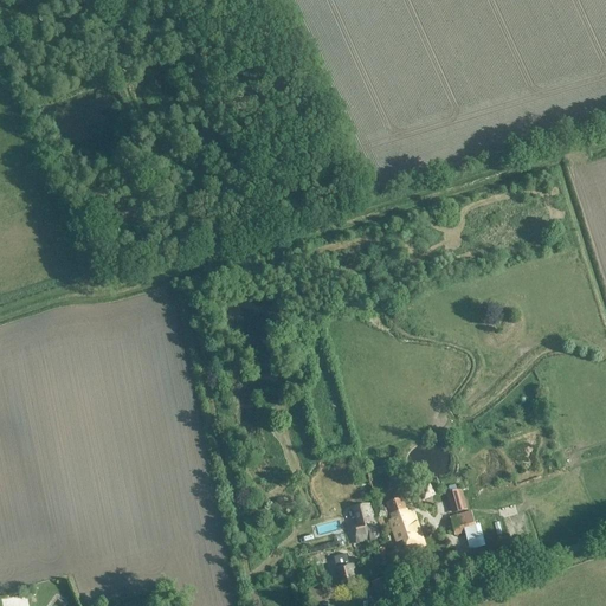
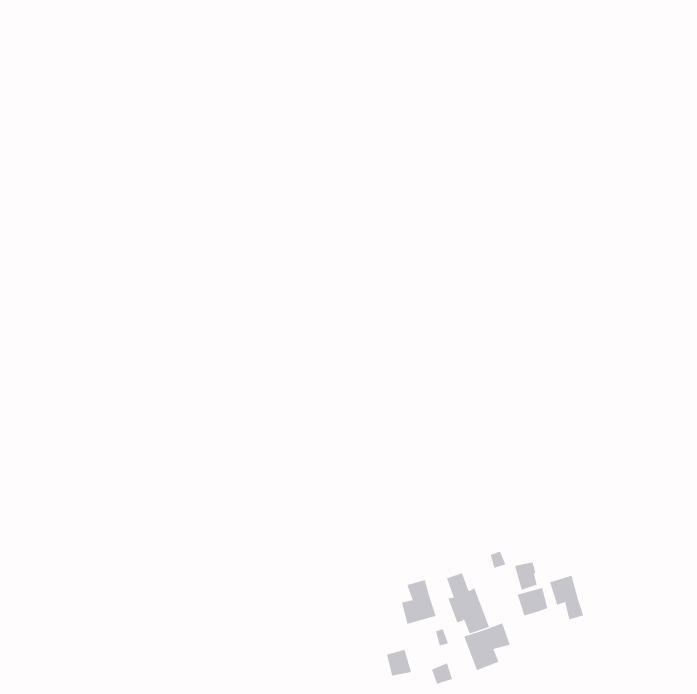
building: none -> [549,575,584,620]
building: none -> [463,622,511,671]

